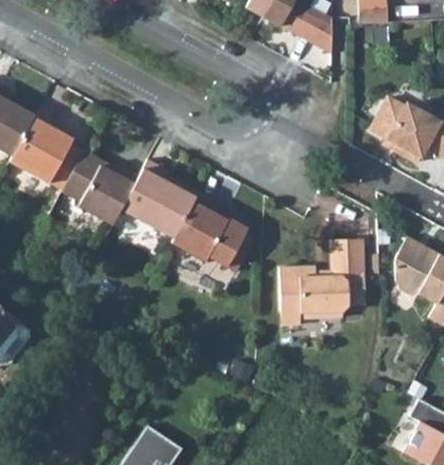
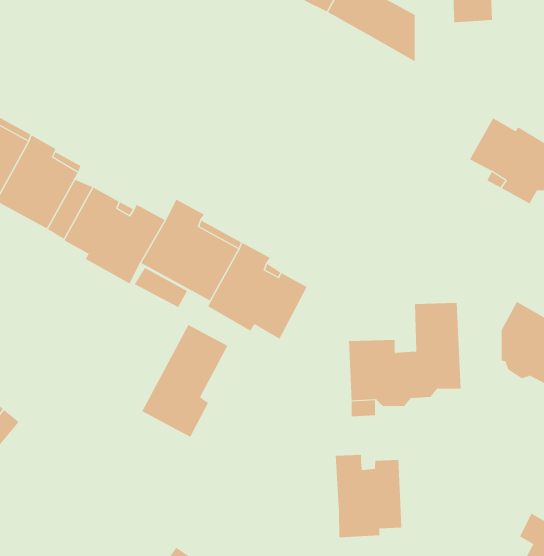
building: none -> [141,324,228,438]
building: none -> [335,454,402,538]

